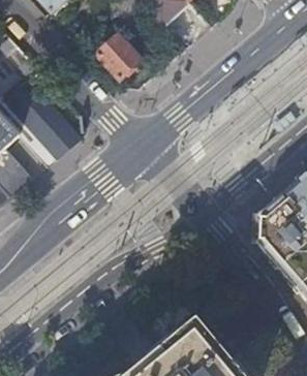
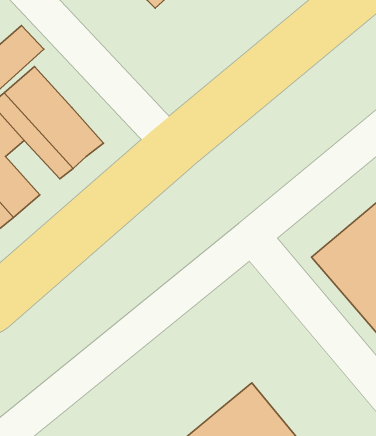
building: [96,32,142,79] -> none

